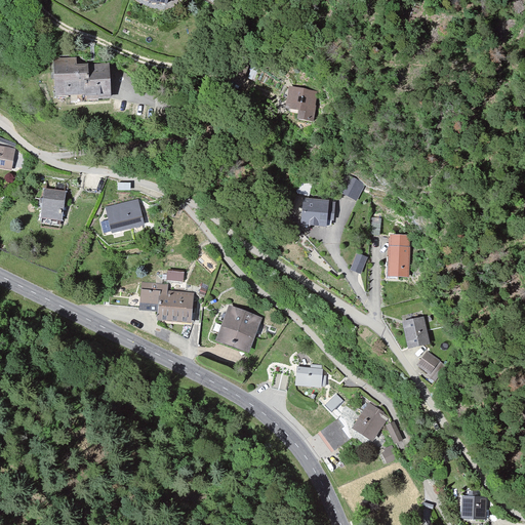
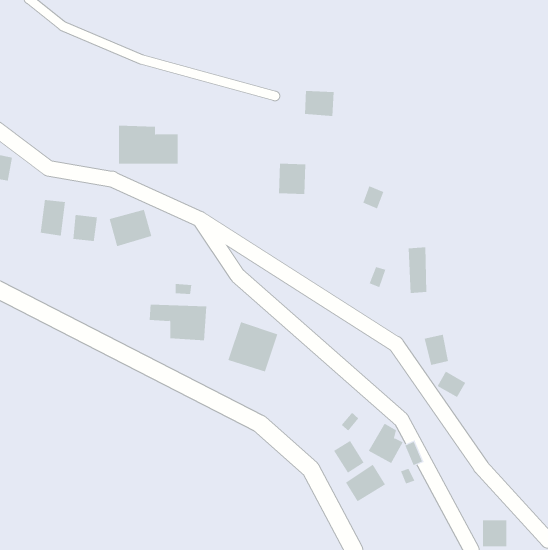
building: [58,62,116,98] -> [118,125,178,164]
building: [299,194,326,224] -> [278,163,306,194]
building: none -> [73,214,97,242]
building: [296,365,322,387] -> none
building: none -> [345,464,386,502]

